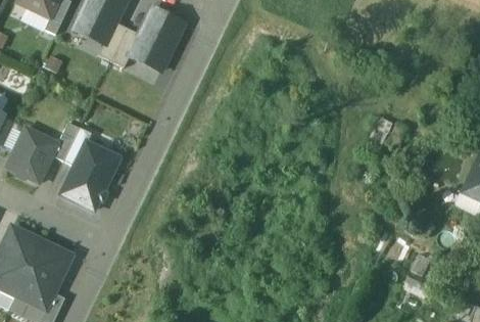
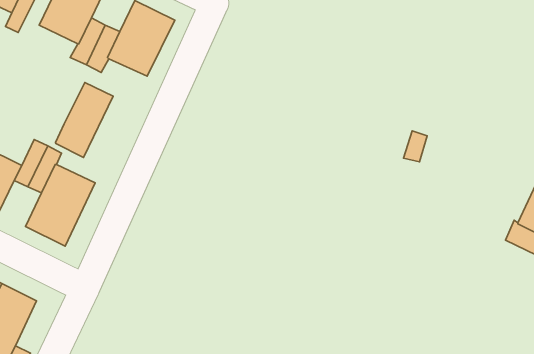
building: none -> [55,83,113,158]

